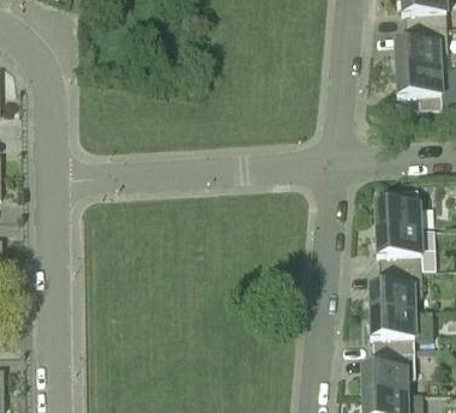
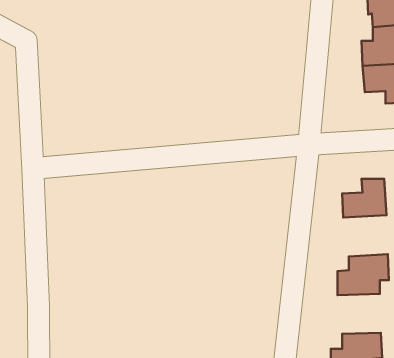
building: [376,227,422,270] -> none
building: [370,310,415,352] -> none

